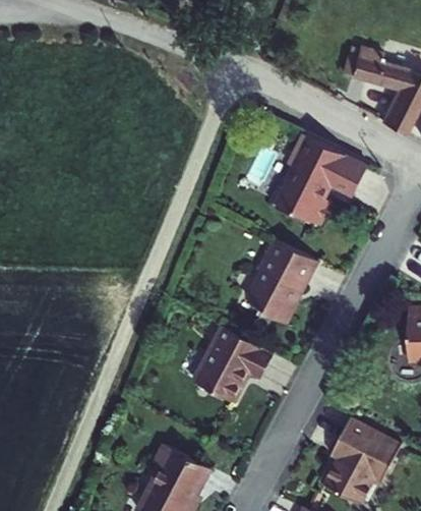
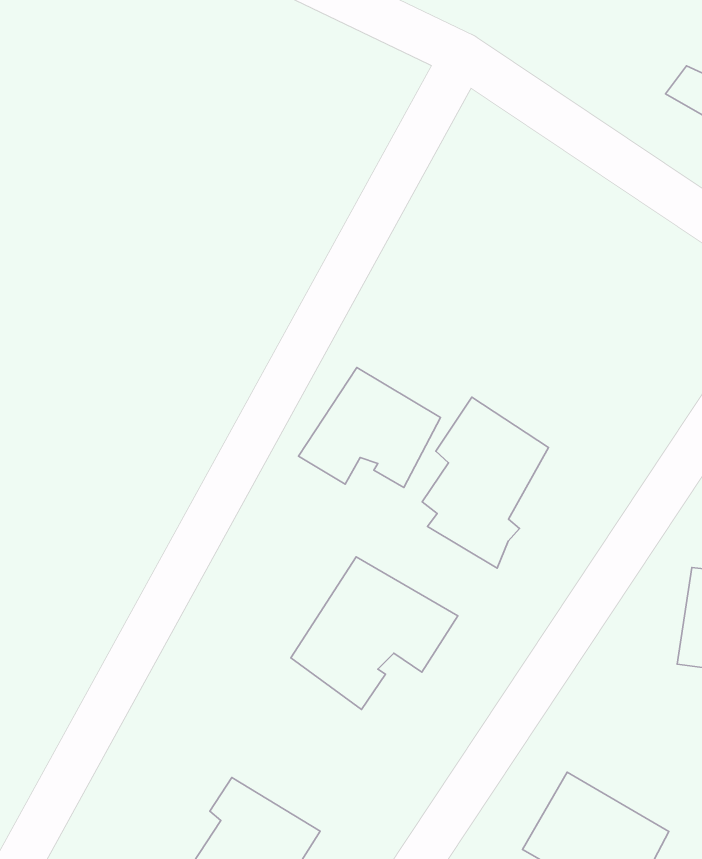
building: [263,132,365,229] -> none
building: none -> [299,367,441,487]

